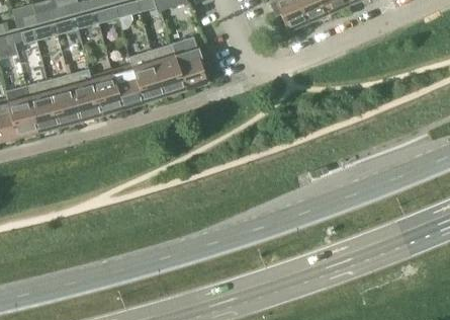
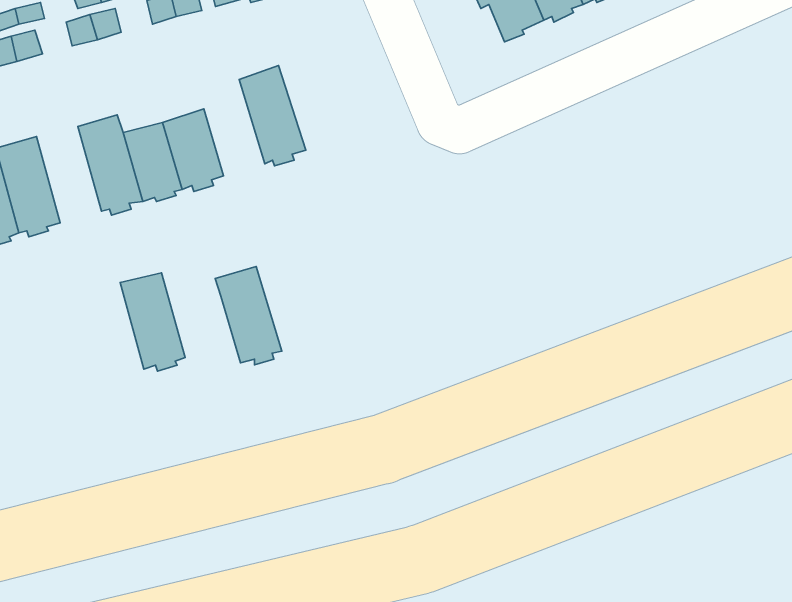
building: [171,35,207,86] -> none
building: [129,50,164,100] -> [215,267,282,365]
building: [47,74,80,125] -> [120,273,185,371]

